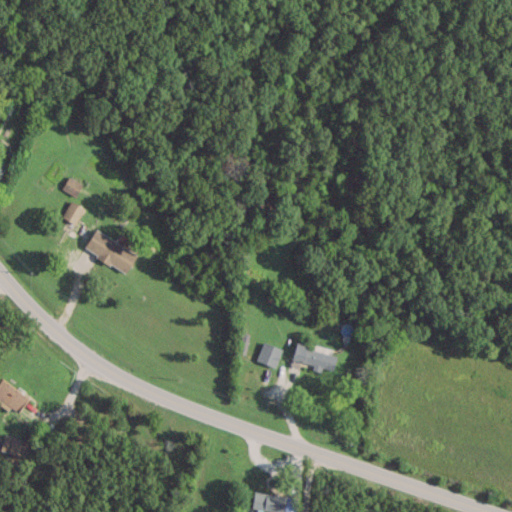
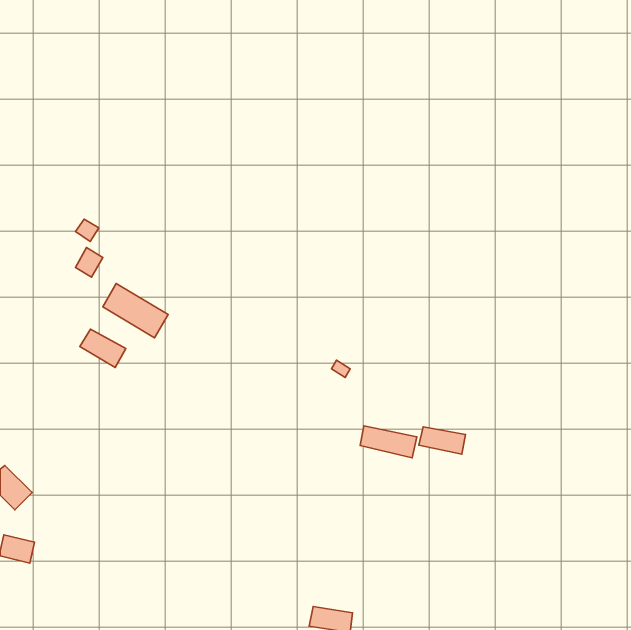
building: none -> [80,329,126,368]
building: [256,343,281,368] -> none
building: none -> [419,427,465,454]

